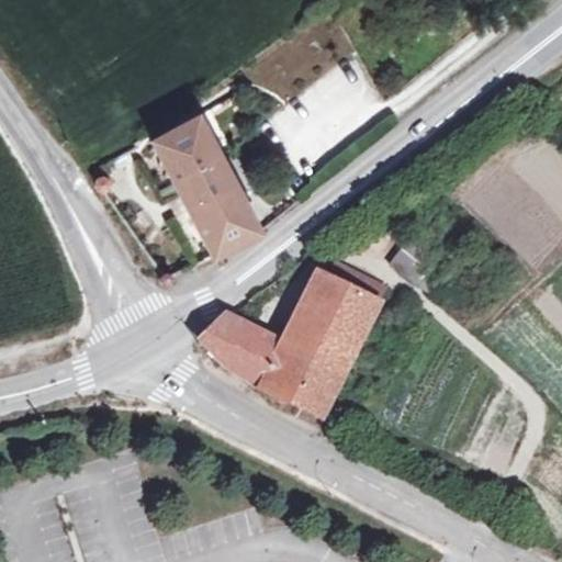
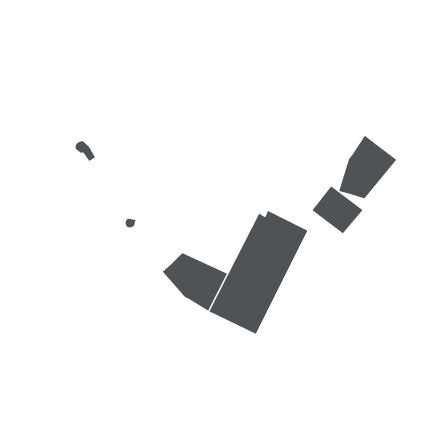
building: [151,112,259,255] -> none
building: none -> [339,135,397,199]

